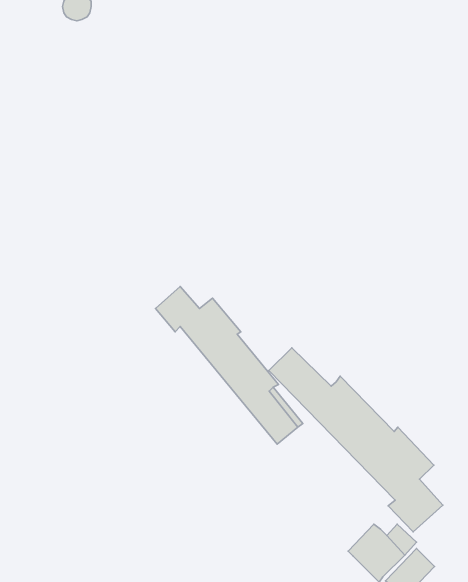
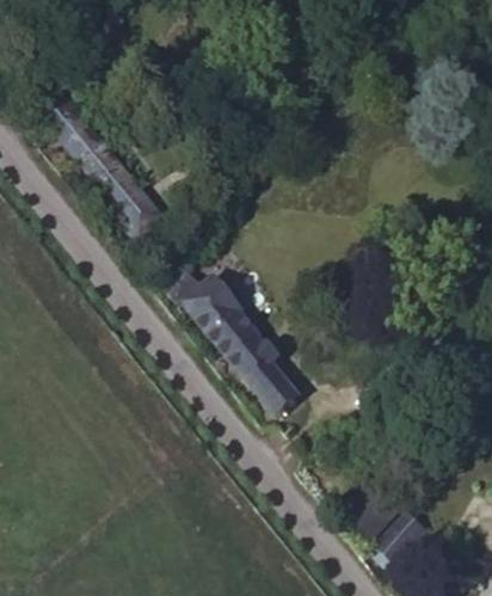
building: none -> [39,93,164,242]
building: [269,348,443,532] -> none

